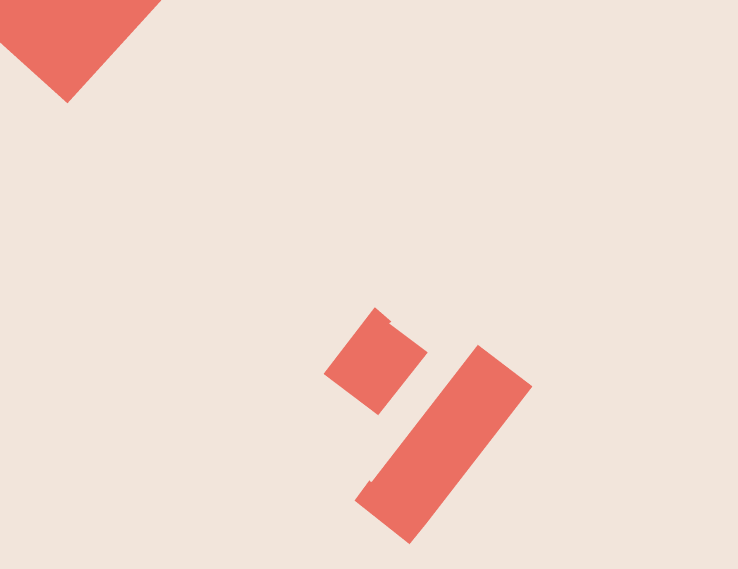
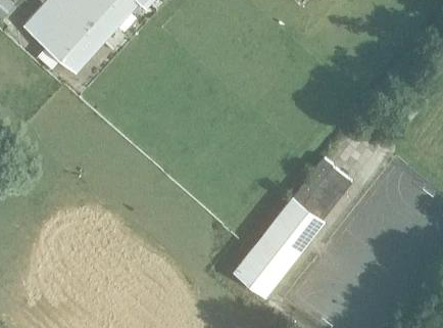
building: [322,306,429,416] -> [296,156,352,215]

